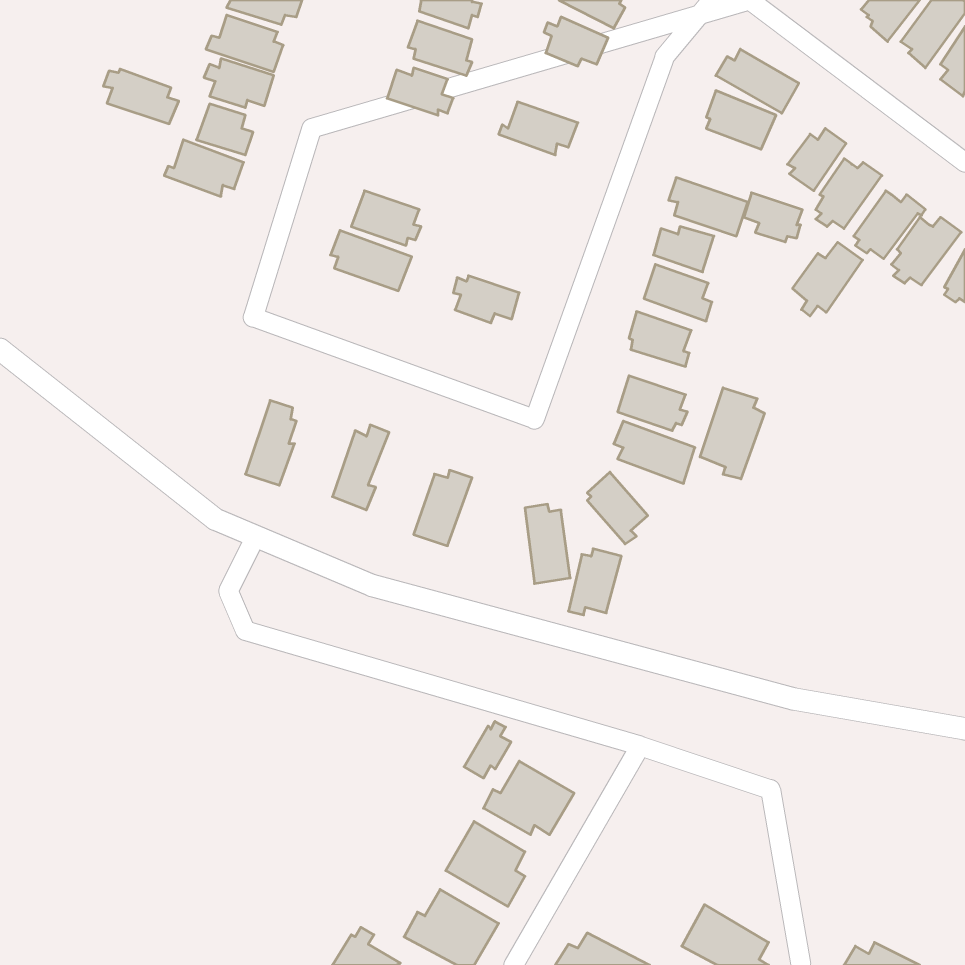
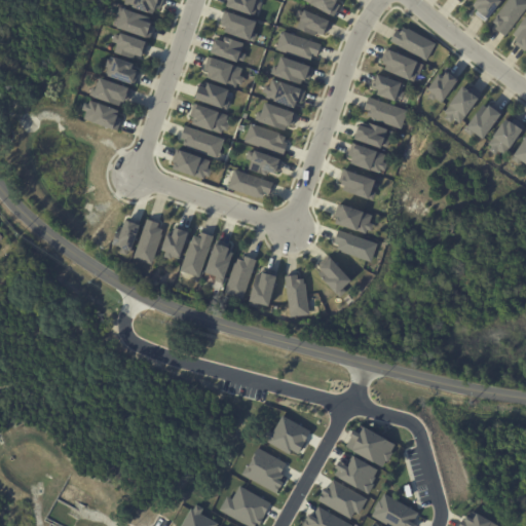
building: none -> [275,30,322,61]
building: [103,69,179,124] -> [81,101,122,130]
building: none -> [204,57,243,87]
building: none -> [263,78,306,107]
building: none -> [195,82,230,110]
building: none -> [255,102,298,129]
building: [744,193,802,242] -> [374,74,406,101]
building: none -> [245,123,287,154]
building: [793,242,863,316] -> none
building: none -> [174,150,213,179]
building: none -> [228,170,273,198]
building: [700,388,764,479] -> none
building: none -> [112,219,141,255]
building: none -> [163,227,189,259]
building: none -> [206,242,233,284]
building: [568,549,621,615] -> [250,272,278,308]
building: [464,721,511,778] -> none
building: none -> [345,426,396,466]
building: none -> [335,454,379,492]
building: none -> [316,480,368,519]

